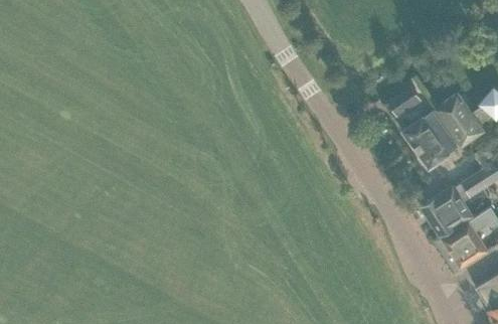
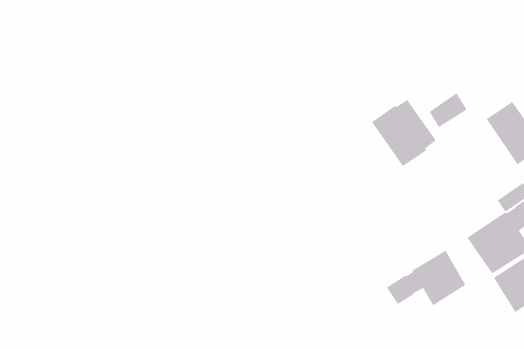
building: [404,113,459,169] -> [371,99,436,167]
building: none -> [386,250,466,306]

